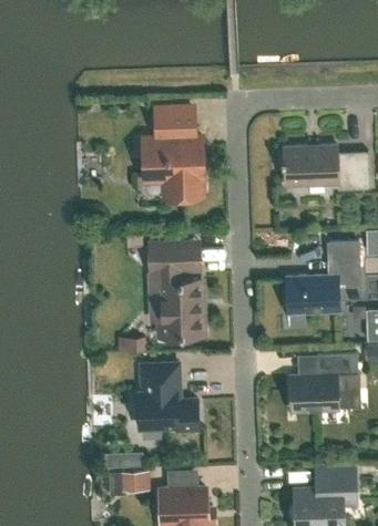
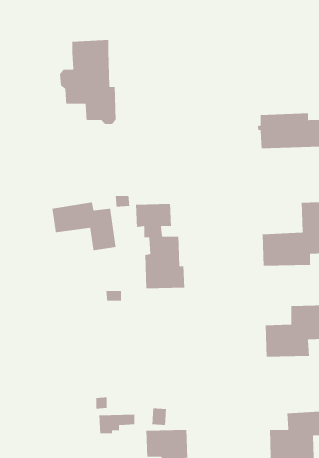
building: [141,105,203,198] -> [59,39,116,125]
building: none -> [51,201,117,251]
building: [139,363,198,430] -> none

